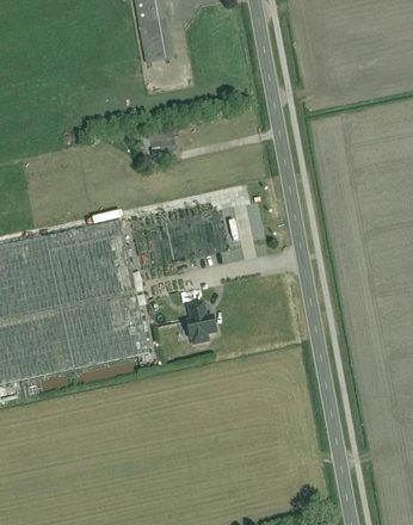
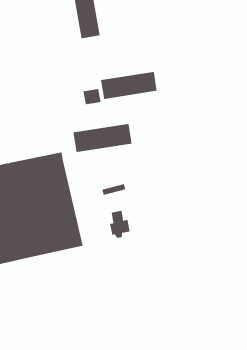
building: none -> [101,71,157,100]
building: none -> [73,123,132,153]

